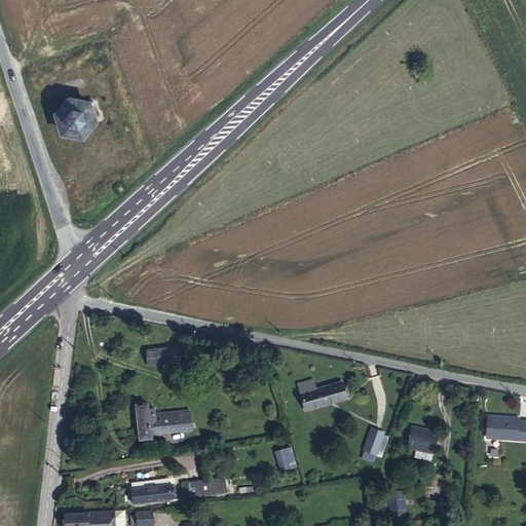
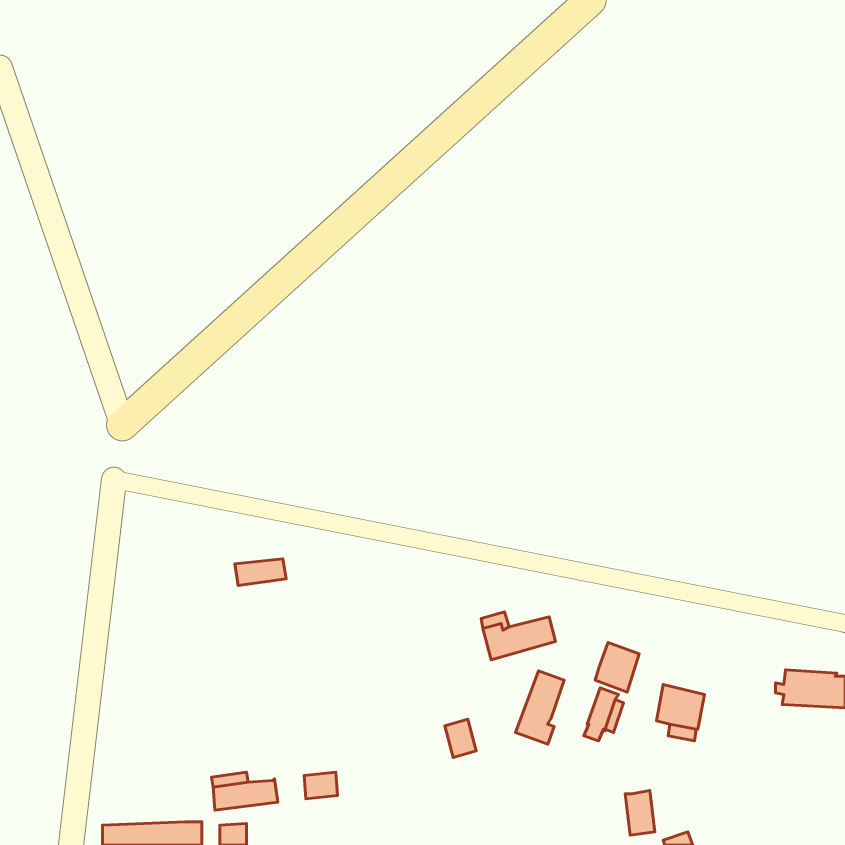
building: [58,99,96,137] -> none
building: none -> [595,643,639,692]
building: [136,402,191,439] -> none
building: none -> [516,671,564,744]

